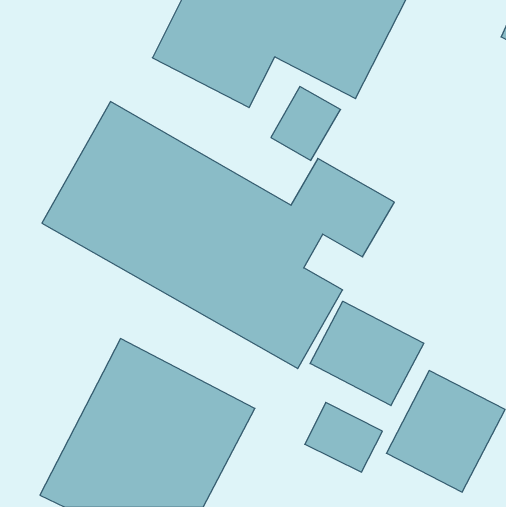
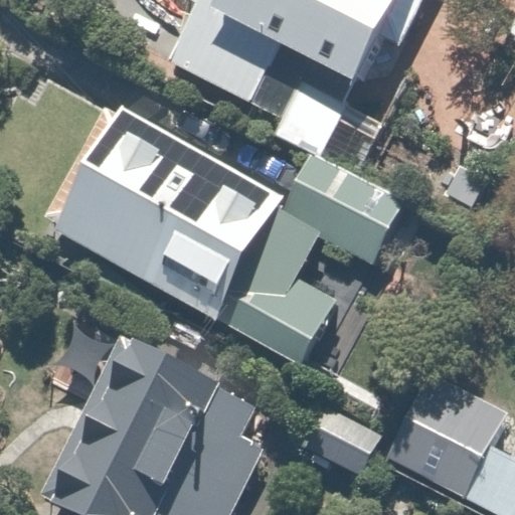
building: [310,301,424,406] -> none

